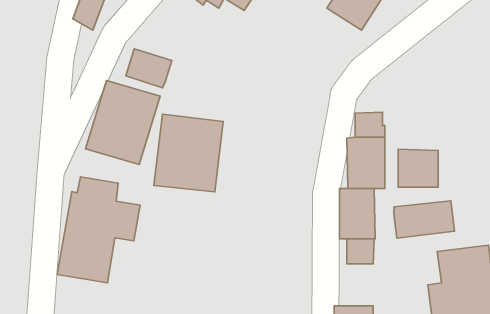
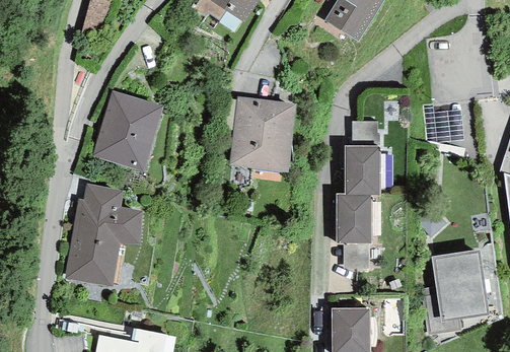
building: [126,49,172,88] -> none
building: [154,114,223,192] -> [229,96,296,171]
building: [398,149,438,187] -> none
building: [394,201,454,238] -> none

